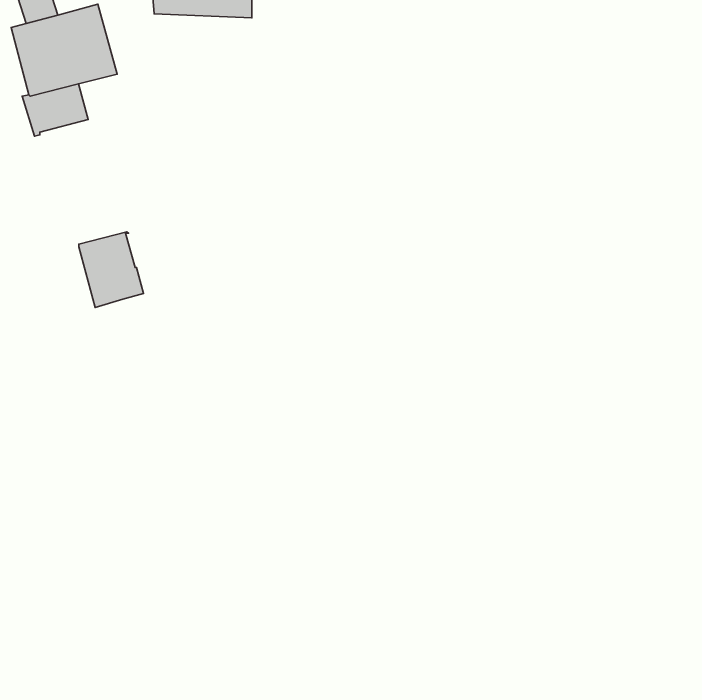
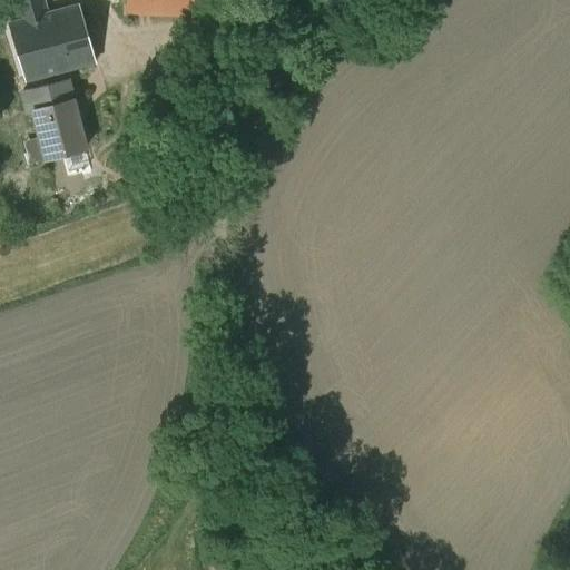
building: [79,232,143,307] -> [33,97,86,158]

